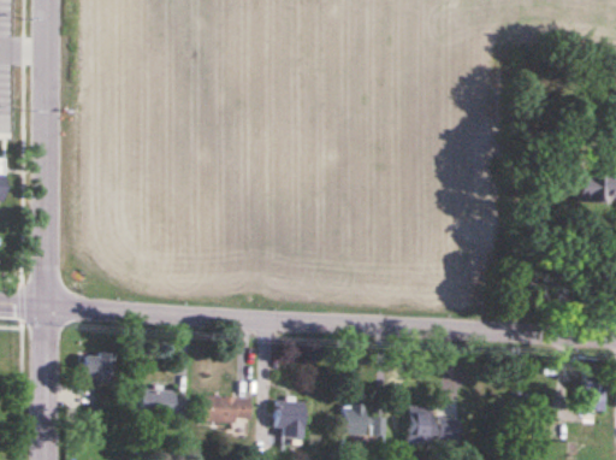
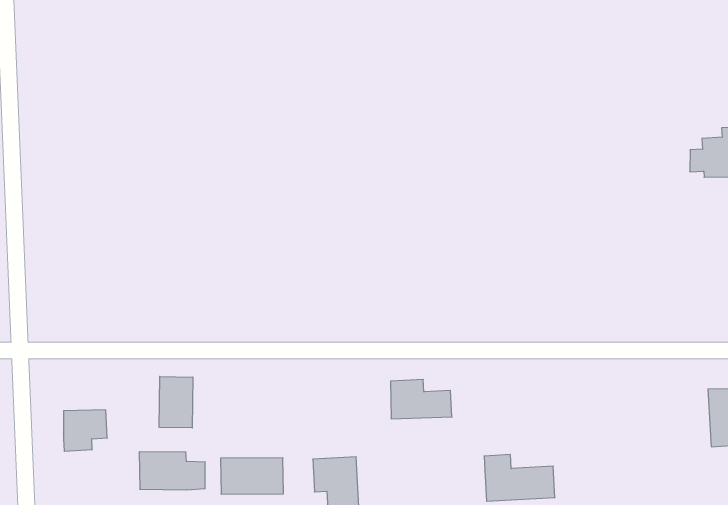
building: none -> [159,376,193,428]
building: [340,406,387,436] -> [391,379,452,419]

